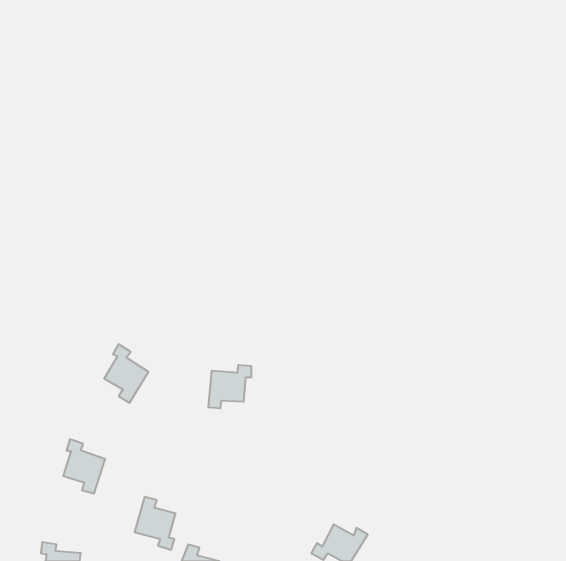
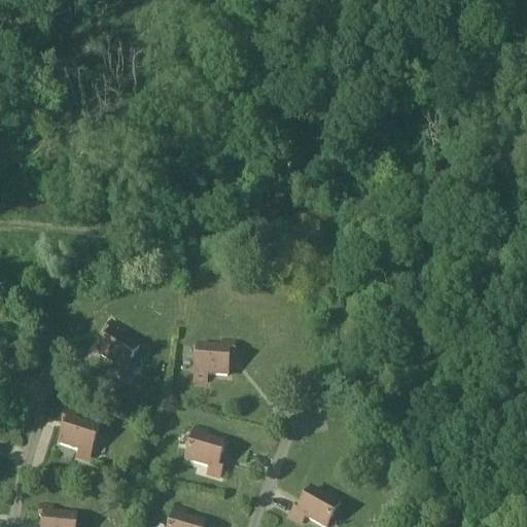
building: [135,497,176,550] -> [185,426,223,476]

